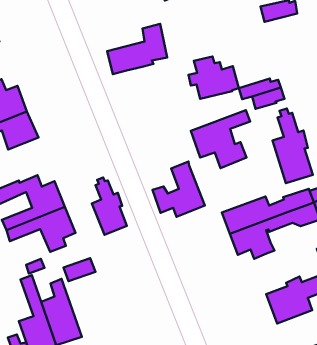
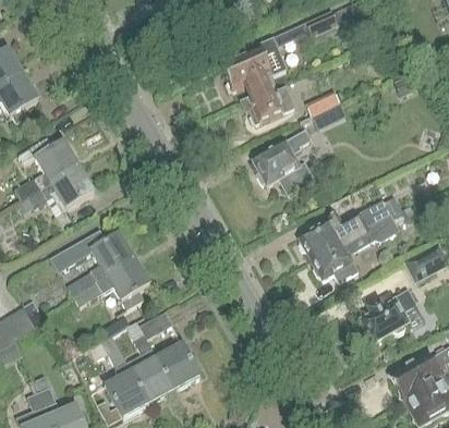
building: [107,24,167,74] -> [221,32,284,91]
building: [273,108,313,183] -> none
building: [153,161,205,217] -> none
building: [92,177,127,235] -> none
building: none -> [156,344,199,391]

